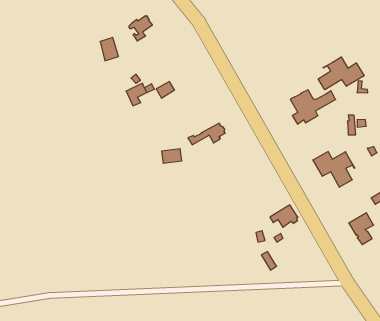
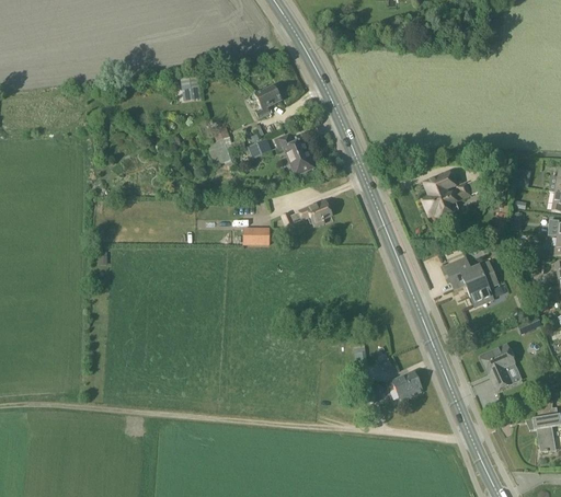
building: [129,16,152,41] -> [250,86,282,118]
building: [318,57,364,90] -> none
building: none -> [275,135,312,174]
building: [270,205,298,227] -> [385,370,422,398]

